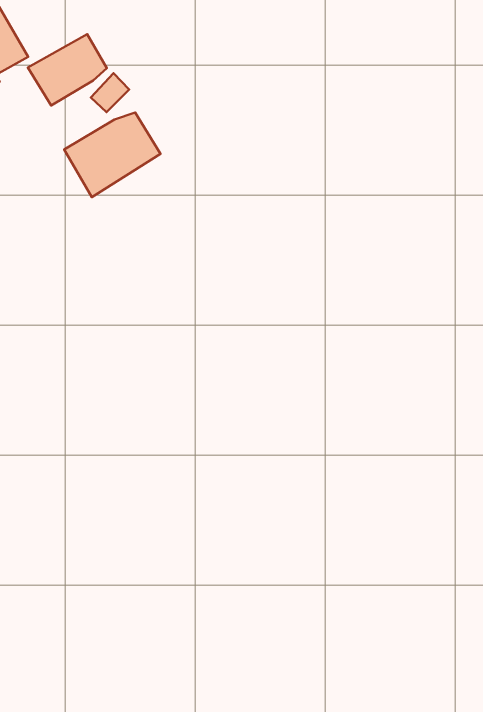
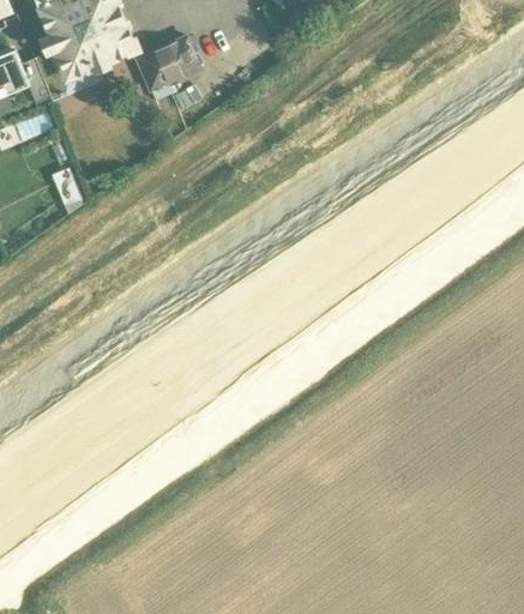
building: [64,112,161,197] -> none

